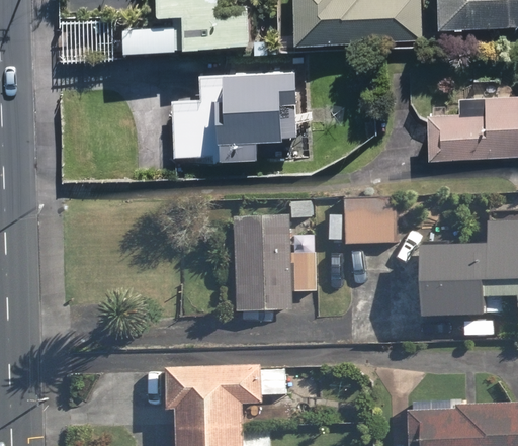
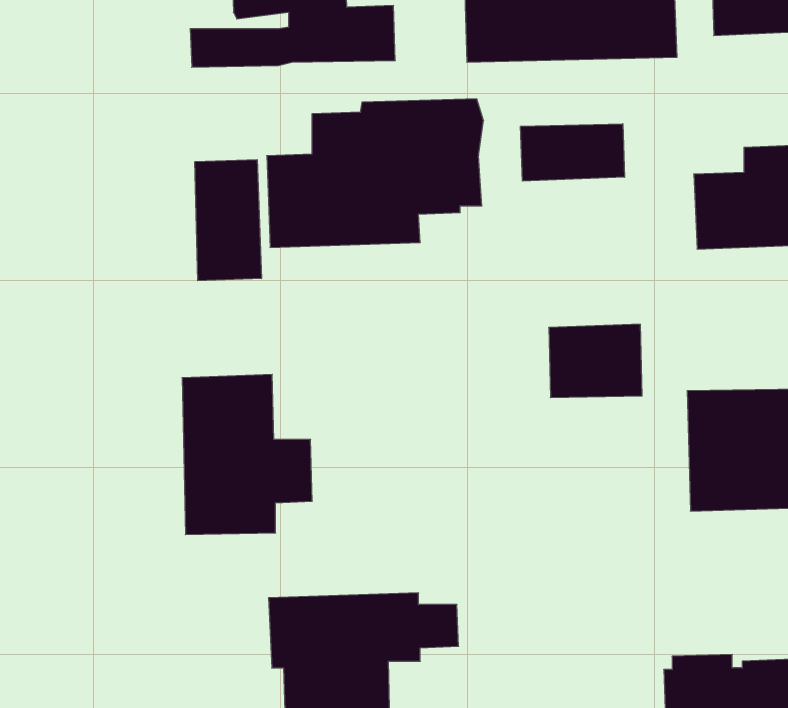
building: none -> [521,124,625,181]
building: none -> [195,160,261,281]
building: [235,218,314,316] -> [182,374,312,535]

